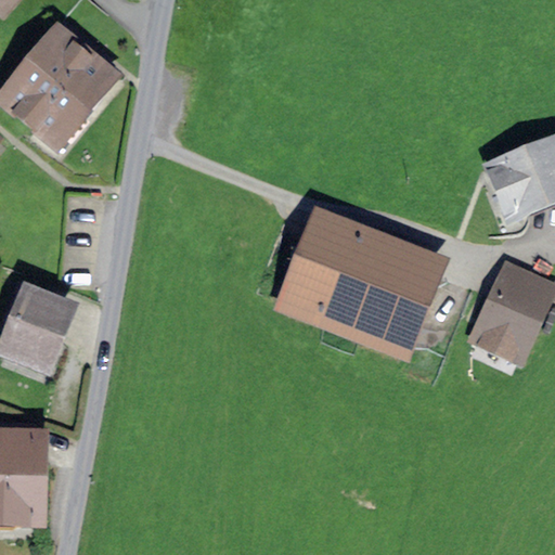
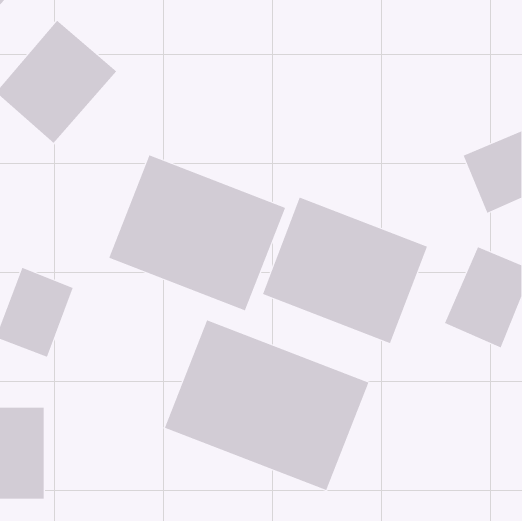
building: none -> [108,154,286,311]
building: none -> [164,319,369,491]

